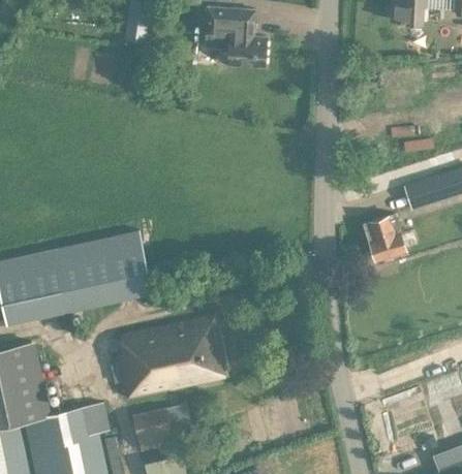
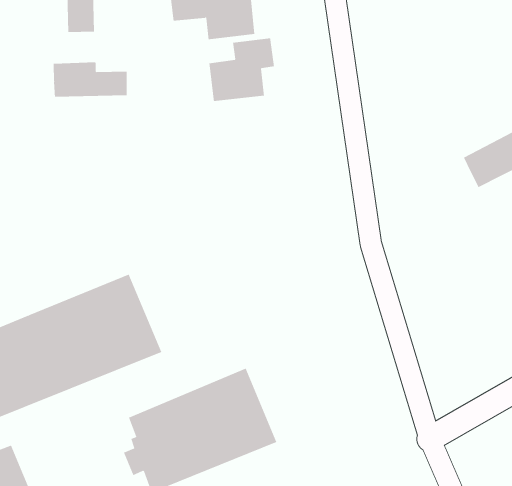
building: none -> [53,61,127,97]
building: none -> [209,38,274,102]
building: [365,215,406,260] -> none

